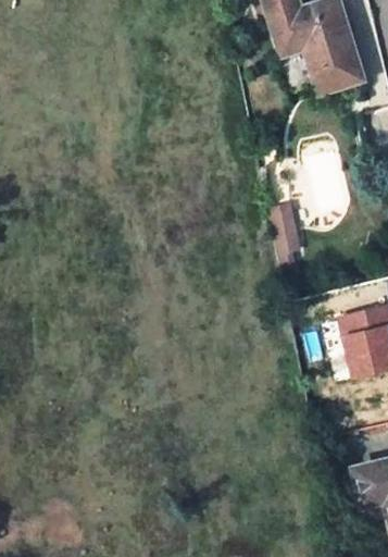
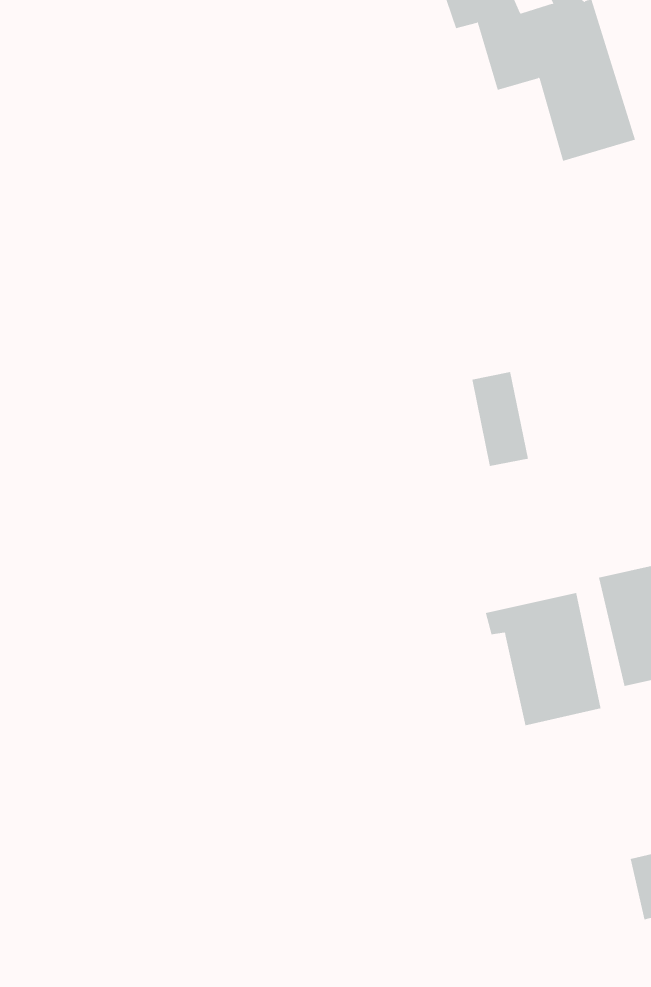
building: none -> [485,592,601,726]

